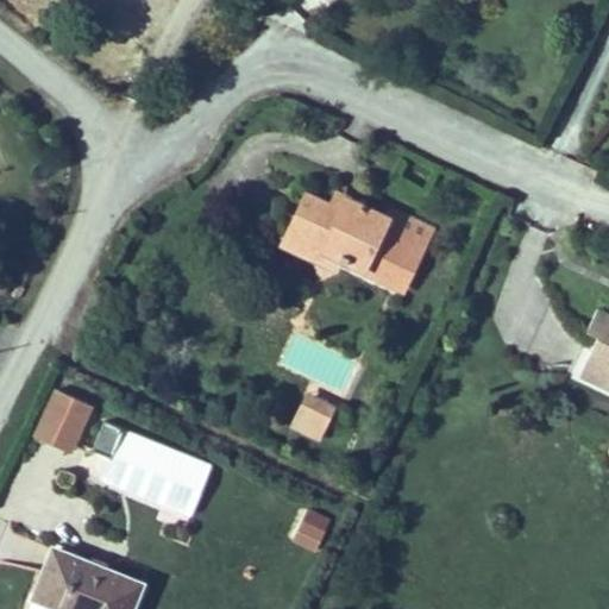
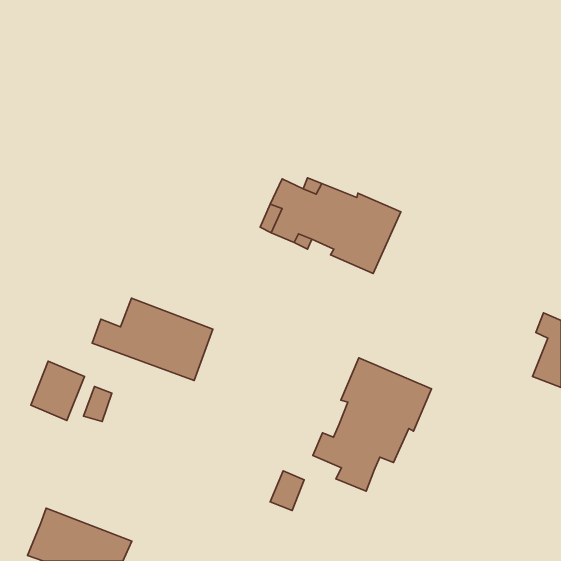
building: none -> [313,358,431,491]
building: [289,394,337,444] -> none
building: [82,431,213,520] -> [92,298,213,381]

